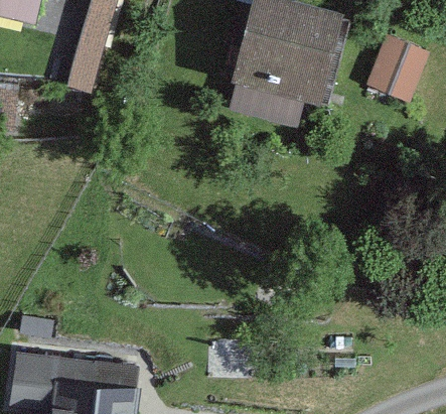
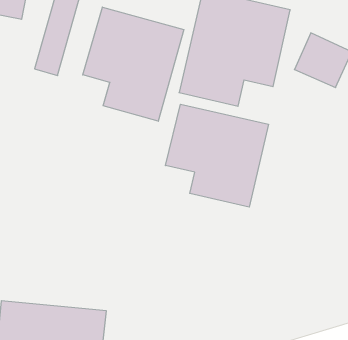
building: none -> [83,7,184,121]
building: none -> [165,104,268,207]

